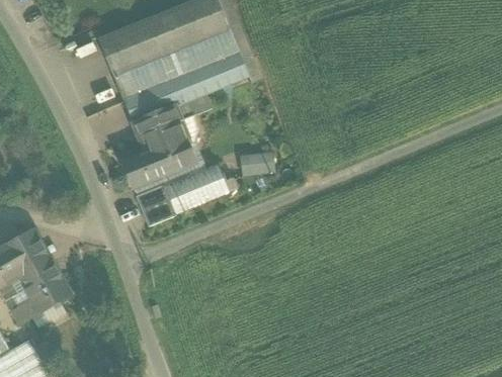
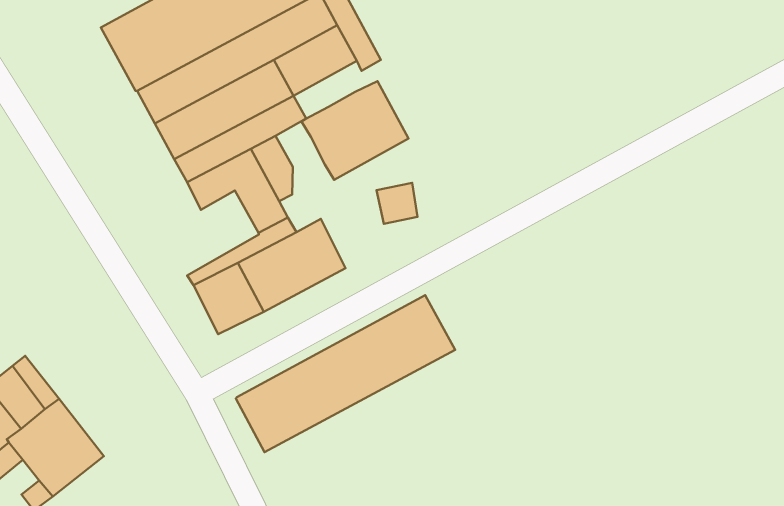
building: none -> [301,81,409,180]
building: [119,143,176,189] -> none
building: none -> [236,295,455,452]

